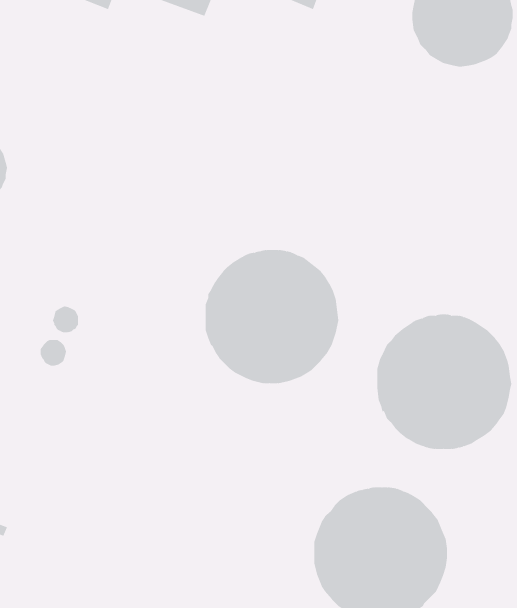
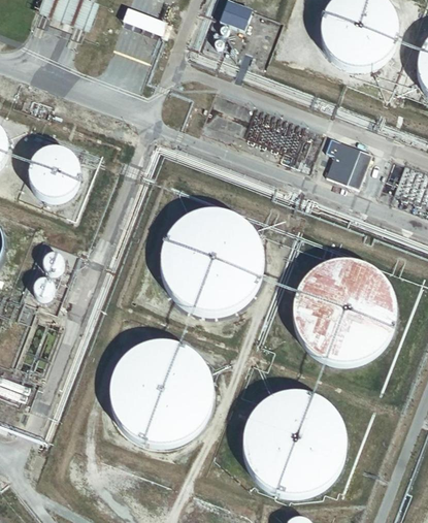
building: none -> [327,139,372,186]
building: none -> [27,146,81,201]
building: none -> [111,341,215,445]

